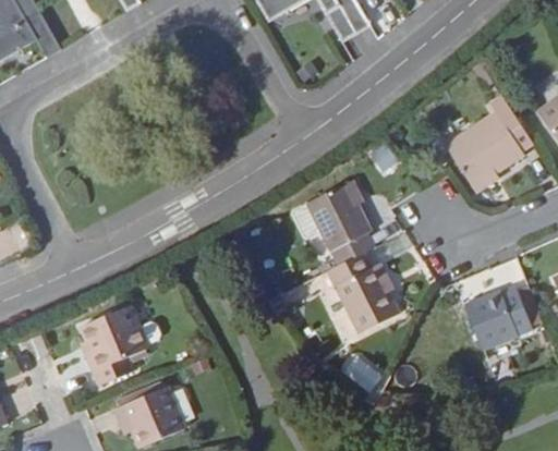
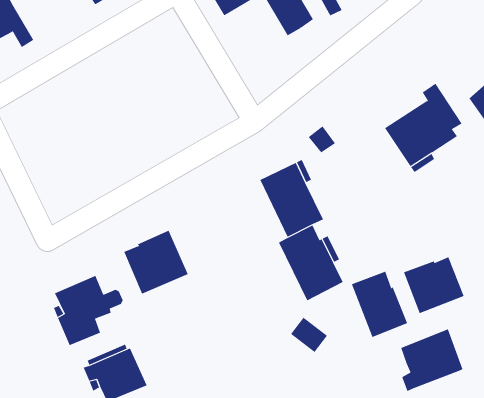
building: none -> [124,230,188,294]
building: none -> [351,271,408,338]
building: none -> [400,328,463,392]

